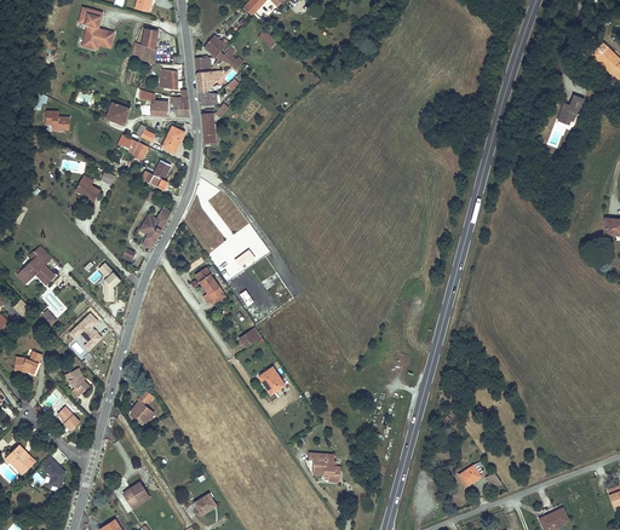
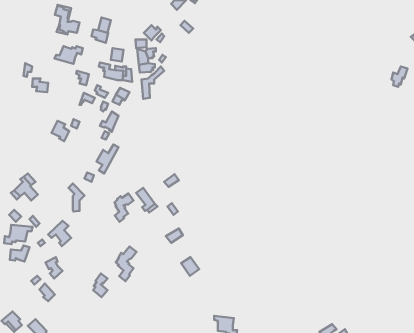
building: none -> [55,46,83,64]
building: none -> [114,194,134,222]
building: none -> [4,225,32,244]
building: none -> [116,246,136,281]

